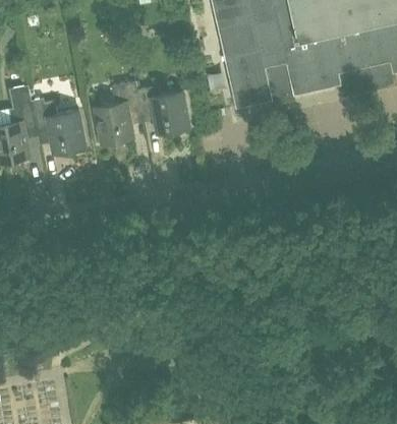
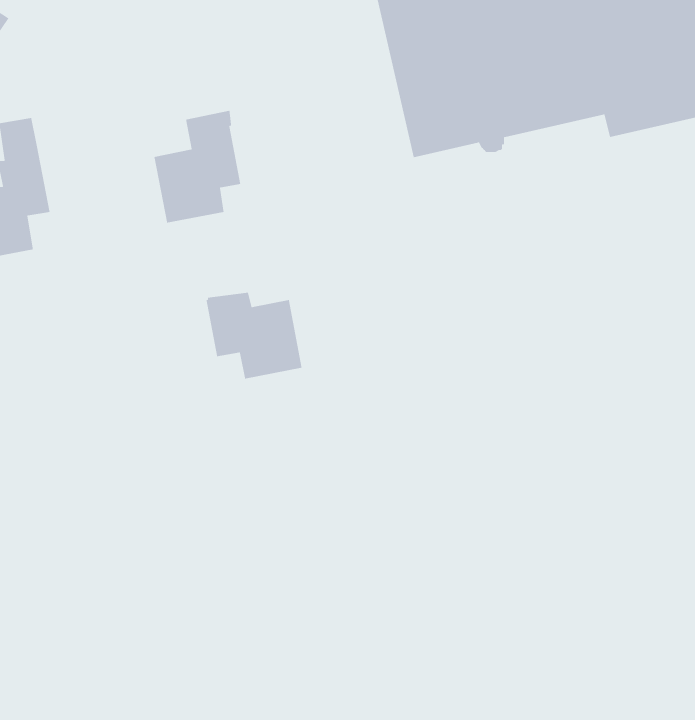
building: [136,87,189,135] -> [205,292,303,379]
building: [32,98,86,155] -> none

